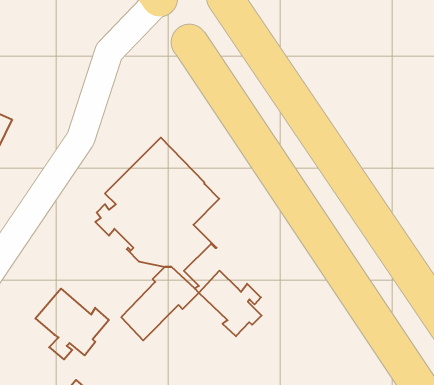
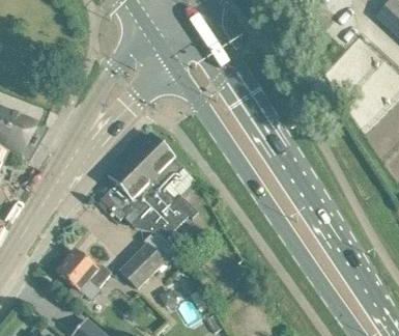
building: [199,271,262,336] -> none

